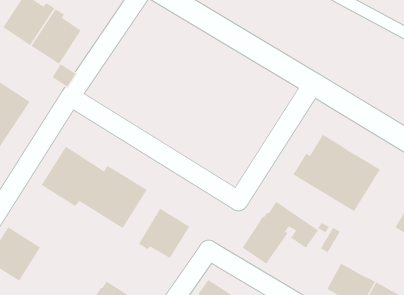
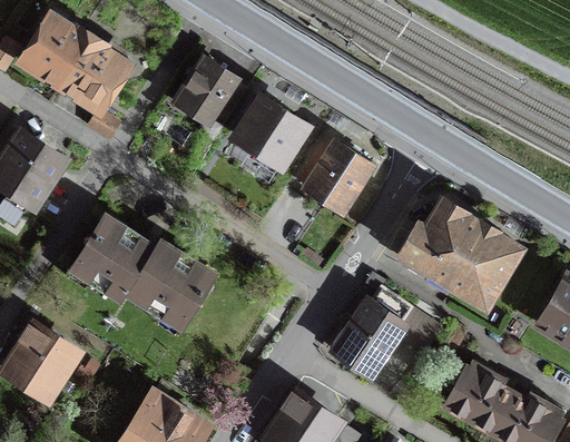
building: none -> [173,59,246,140]
building: none -> [236,98,306,166]
building: none -> [299,138,376,209]
building: [138,208,190,259] -> none

